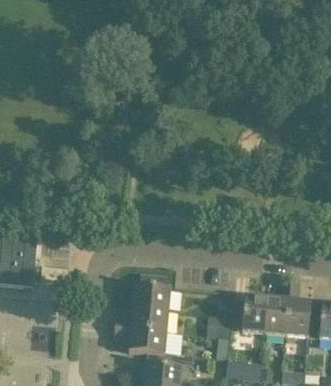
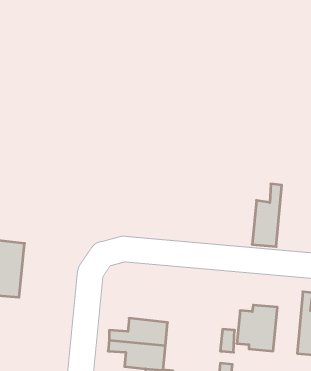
building: [133,273,170,310] -> none
building: [264,281,291,338] -> [252,184,282,247]

